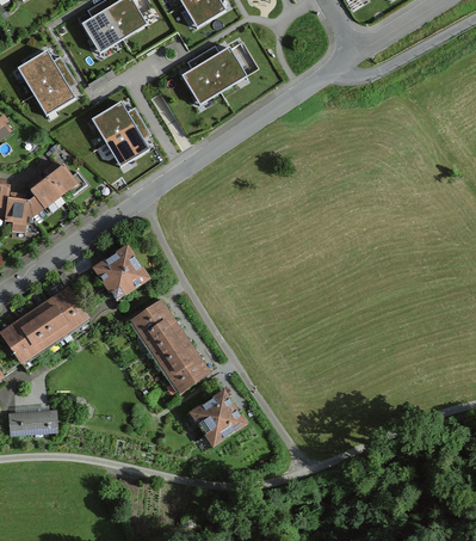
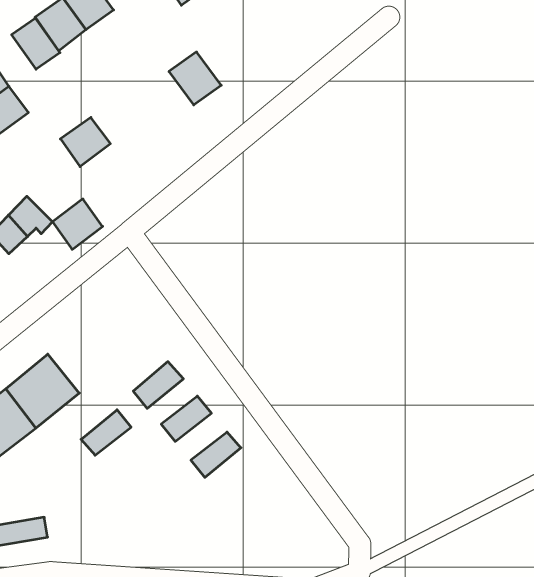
building: none -> [12,18,60,69]
building: [204,49,243,90] -> none
building: [106,127,144,165] -> [53,199,103,249]
building: [94,242,149,297] -> none
building: [141,313,180,346] -> [81,410,131,455]
building: [160,342,200,376] -> none
building: [192,388,246,442] -> none

